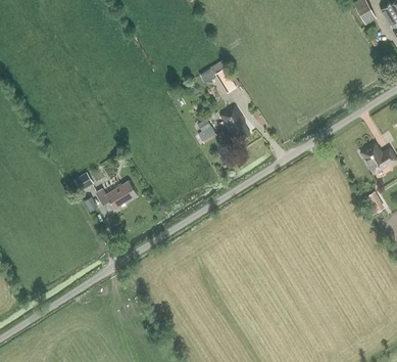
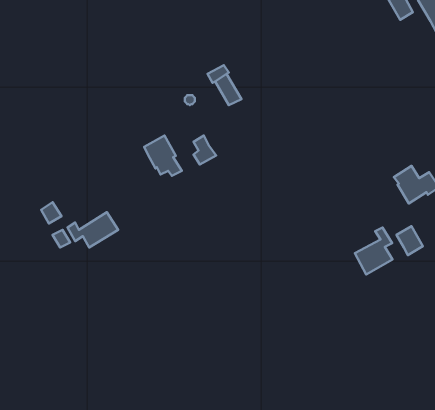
building: [219,105,250,138] -> [144,136,182,176]
building: none -> [355,228,393,274]

